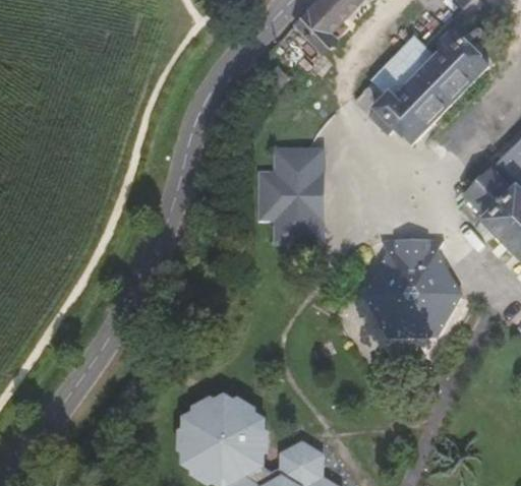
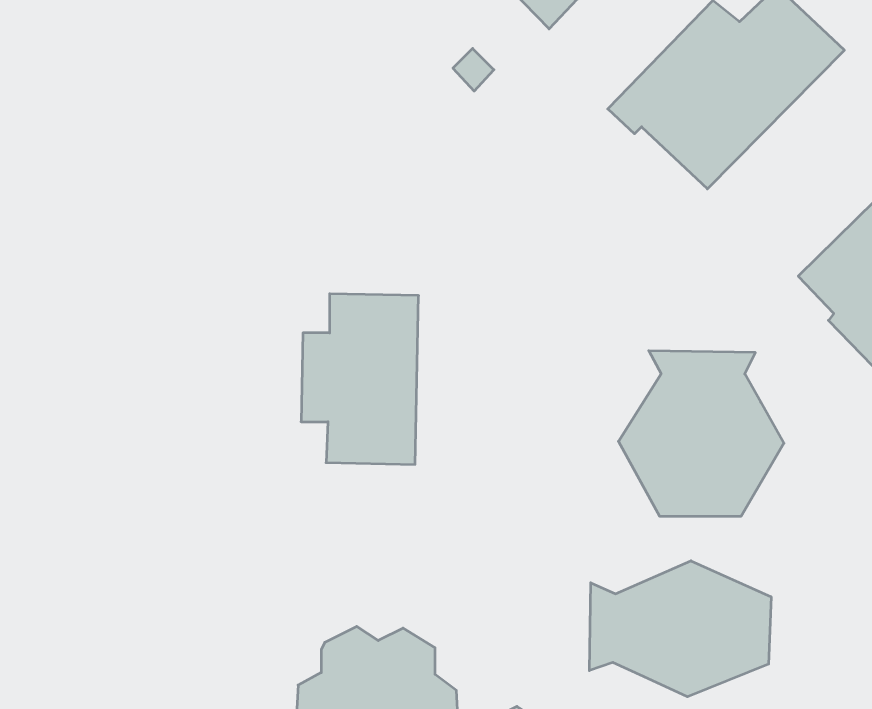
building: [259,147,327,245] -> [301,294,419,464]
building: none -> [589,561,771,697]

